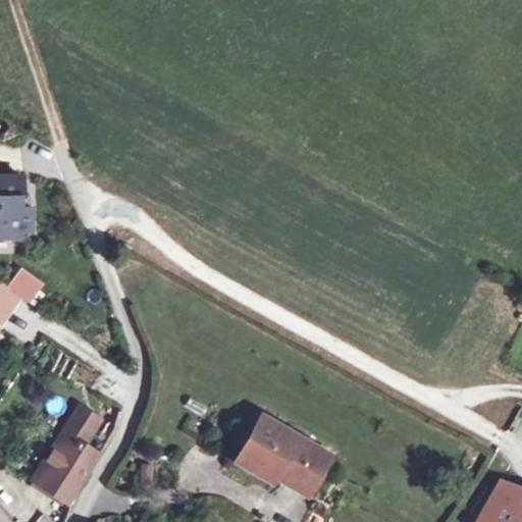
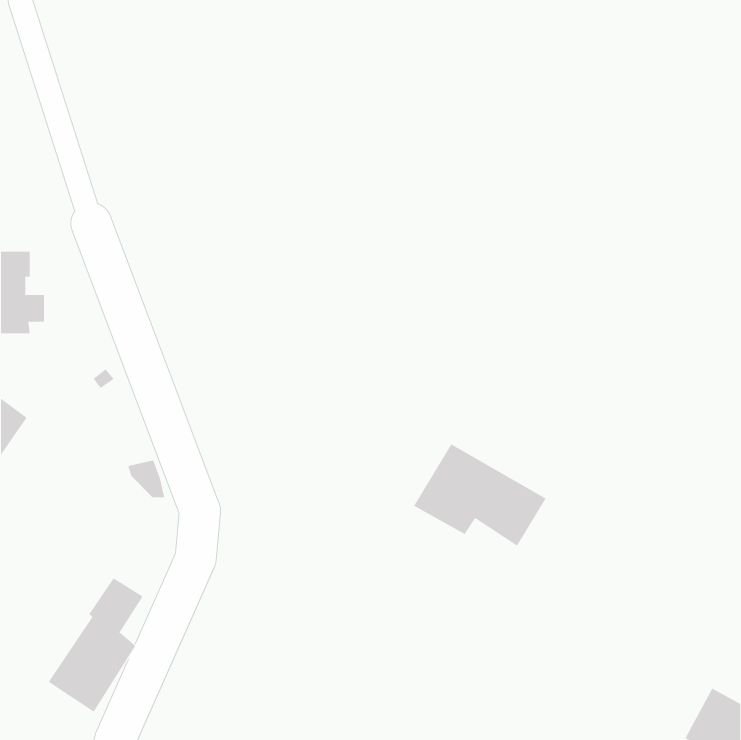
building: [236,417,329,489] -> [413,443,546,546]

